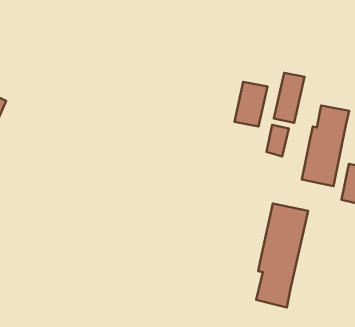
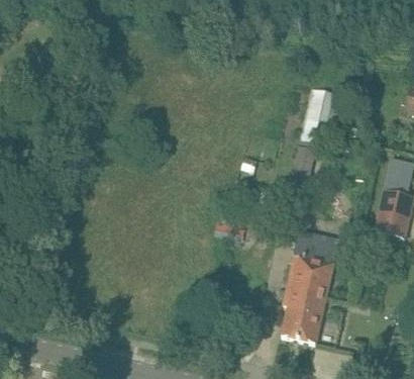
building: [234,82,267,127] -> none
building: [302,106,349,186] -> none

